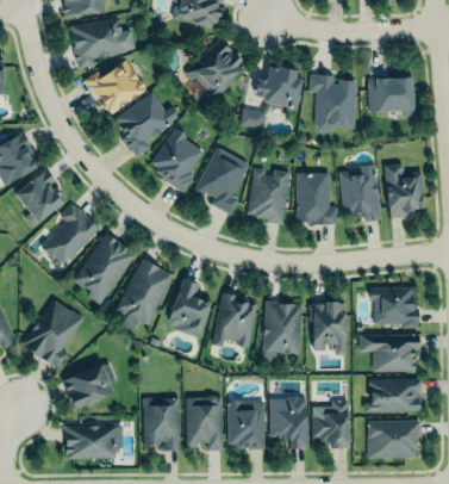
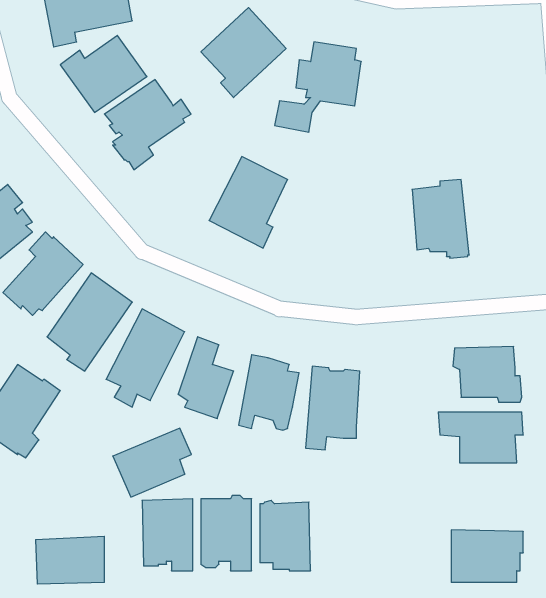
building: [368,73,413,118] -> none
building: [310,75,357,132] -> none
building: [151,129,204,193] -> none
building: [383,165,426,219] -> none
building: [248,169,291,225] -> none
building: [297,173,337,225] -> none
building: [312,303,347,356] -> none
building: [62,361,119,411] -> [113,428,191,497]
building: [364,379,420,412] -> none
building: [270,397,307,451] -> none
building: [313,401,350,449] -> none

